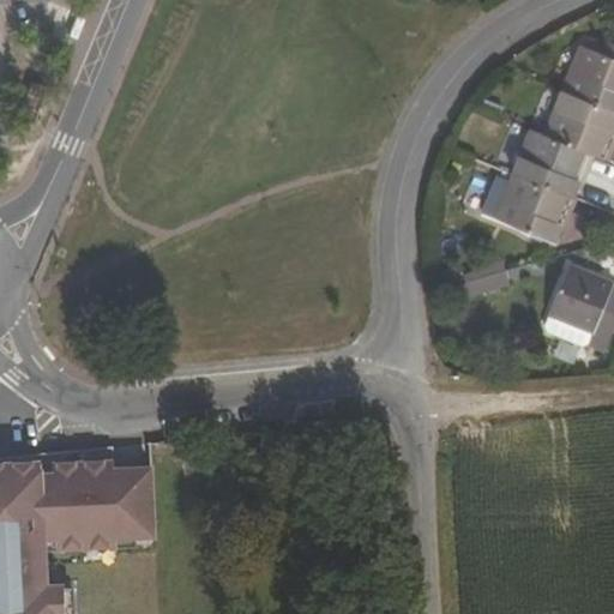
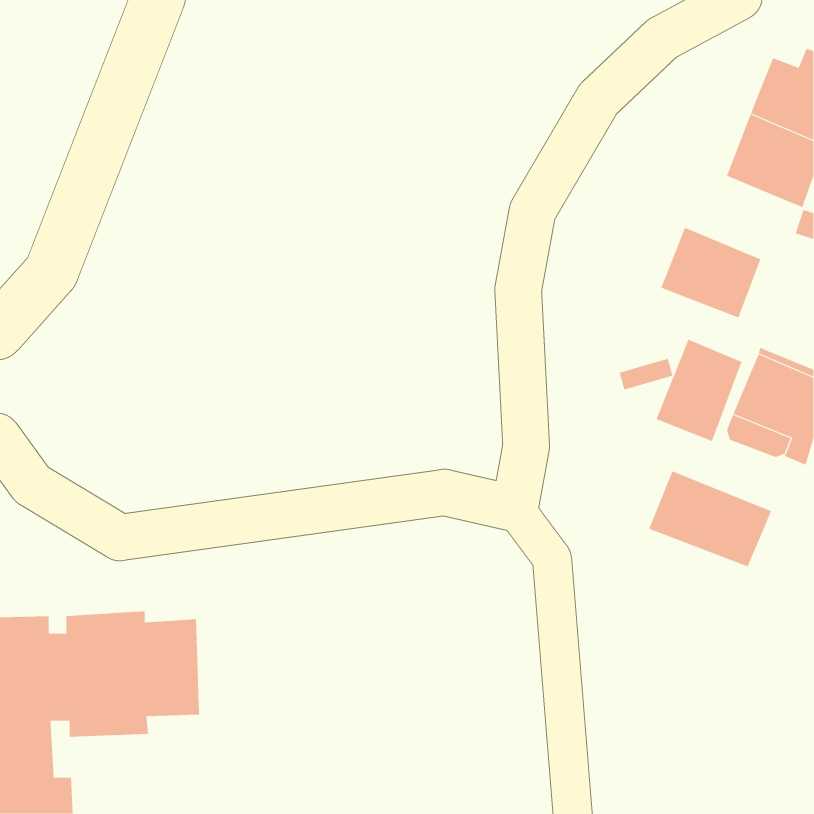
building: [513,126,588,194] -> none
building: none -> [656,339,742,442]
building: none -> [649,470,772,567]

